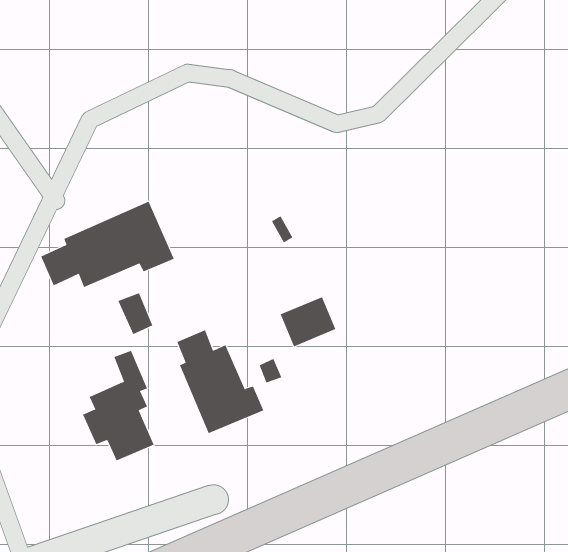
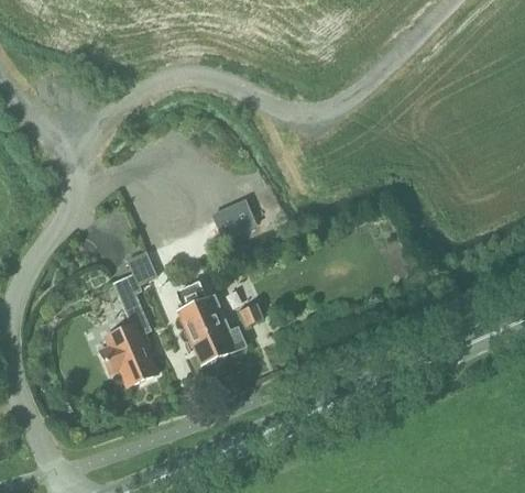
building: [40,201,175,288] -> none
building: [280,296,336,347] -> [211,199,256,240]

